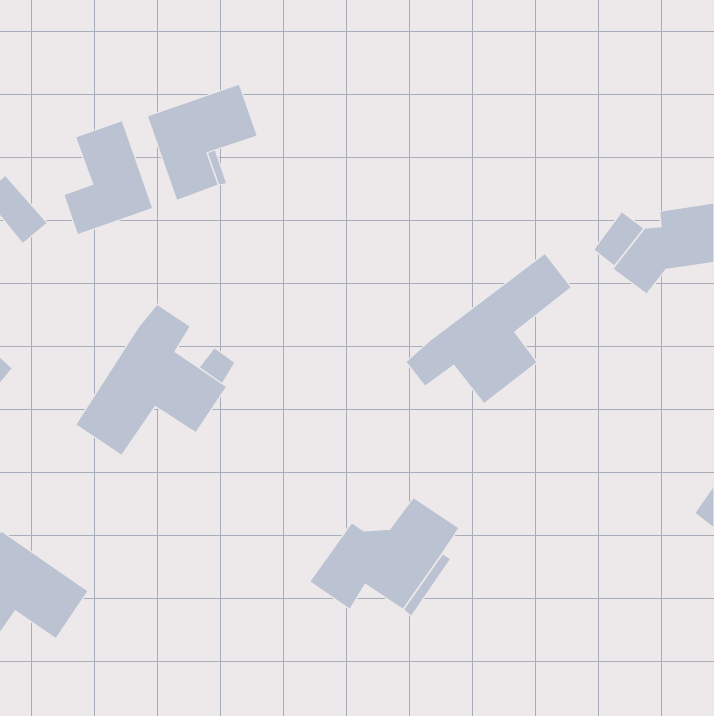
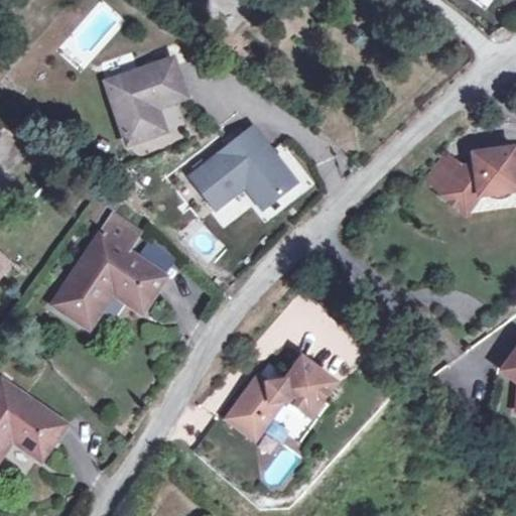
building: [64,120,153,235] -> none
building: none -> [190,126,295,208]
building: [406,253,571,404] -> none

